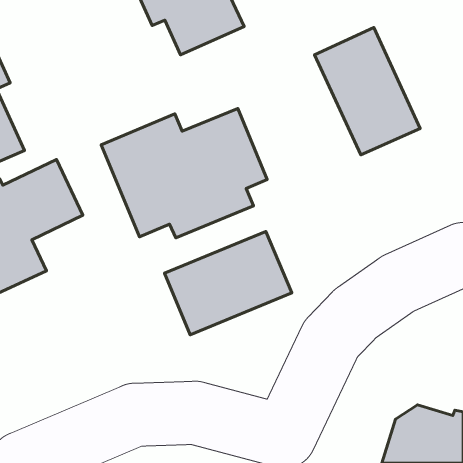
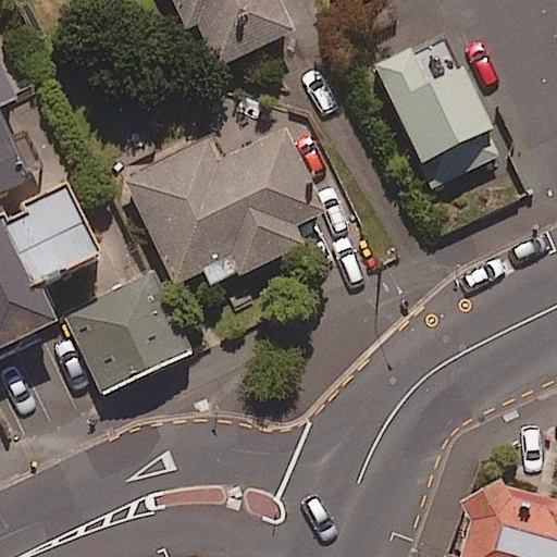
building: none -> [64,271,193,393]
building: [165,232,292,335] -> none

